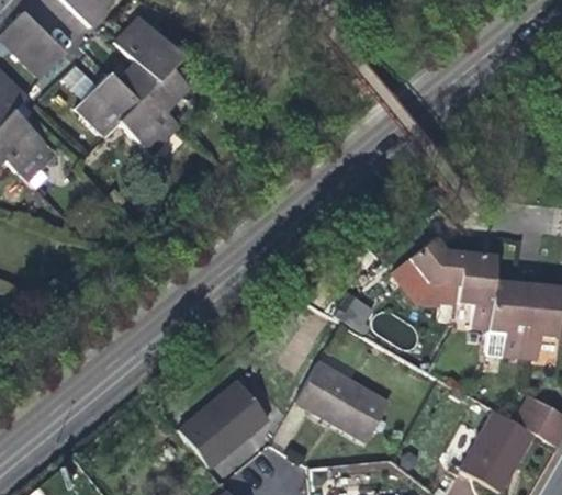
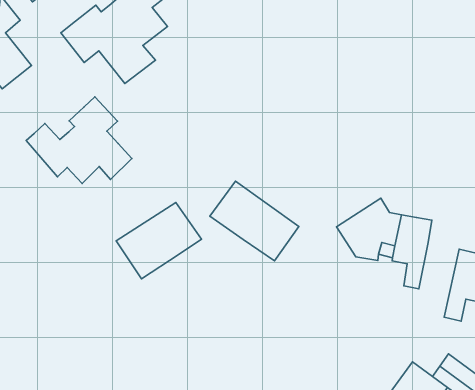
building: none -> [26,97,132,184]
building: [488,282,527,360] -> none
building: [295,362,392,442] -> [210,181,299,261]
building: [178,382,269,468] -> [116,202,202,279]

